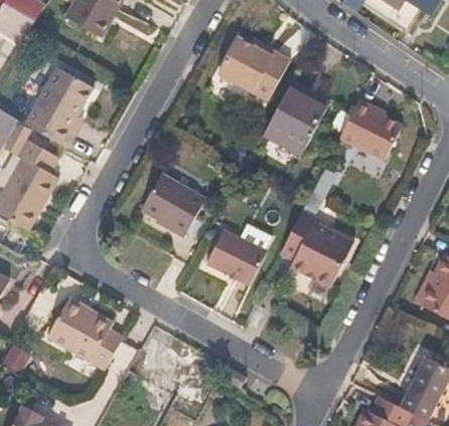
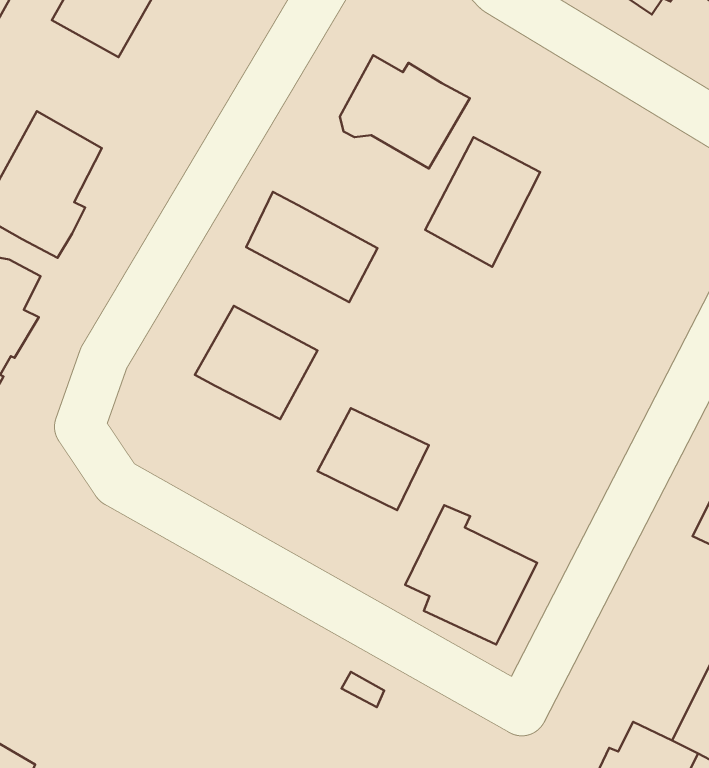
building: [338,94,401,158] -> none
building: none -> [246,192,377,302]
building: [281,207,352,282] -> [405,505,537,644]
building: [45,296,121,370] -> none

